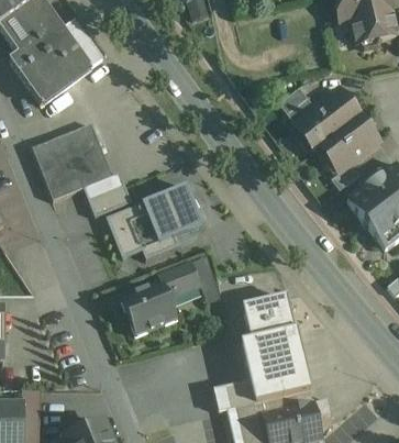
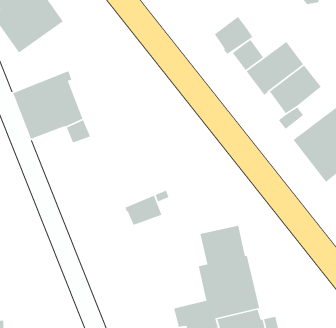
building: none -> [214,16,254,55]
building: [106,184,203,258] -> none
building: [121,280,177,334] -> none

